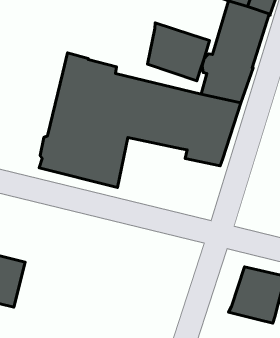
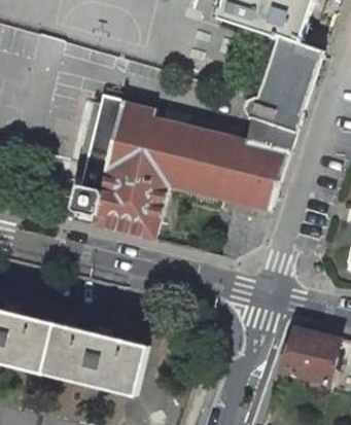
building: [147,23,209,81] -> none
building: none -> [42,322,148,395]

